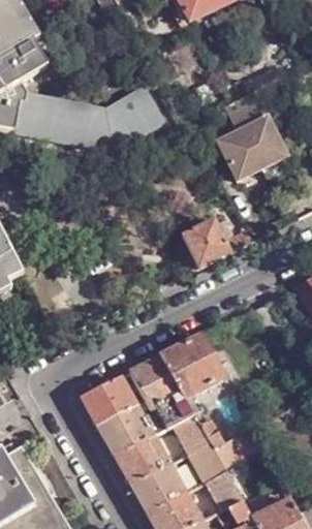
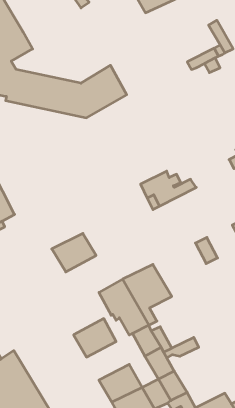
building: [217,106,286,182] -> none
building: [81,376,136,425] -> [52,233,96,272]
building: [115,433,168,481] -> none

